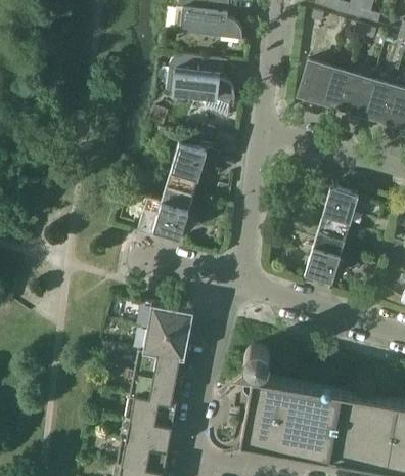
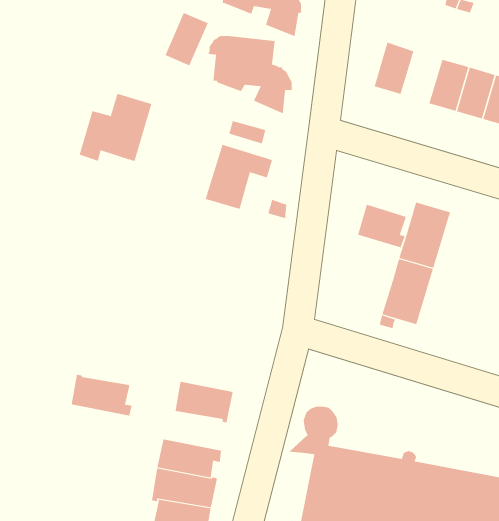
building: none -> [165,12,208,66]
building: [321,69,353,110] -> none
building: [138,184,195,237] -> [79,93,152,161]
building: none -> [358,204,407,248]
building: [148,303,194,335] -> none
building: [135,348,183,381] -> [71,374,132,416]

